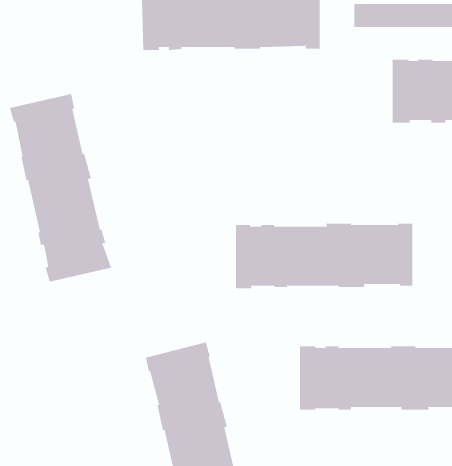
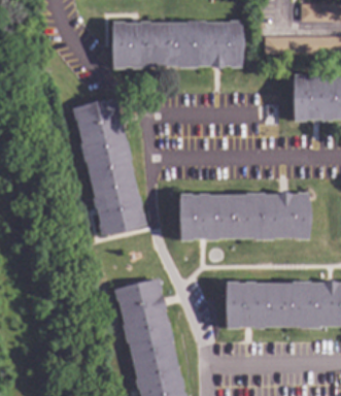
building: [9,94,112,282] -> [73,98,147,234]

